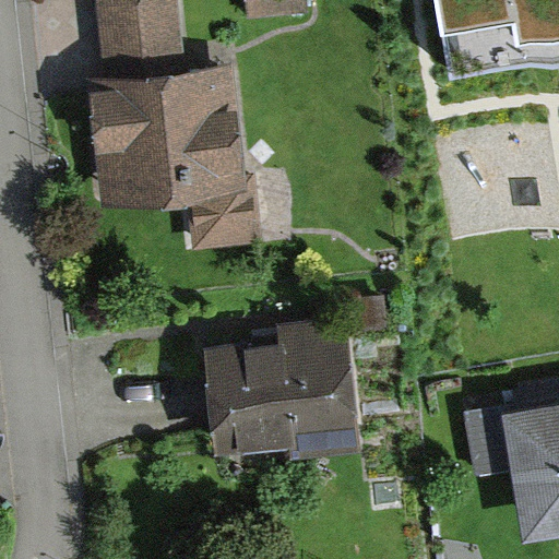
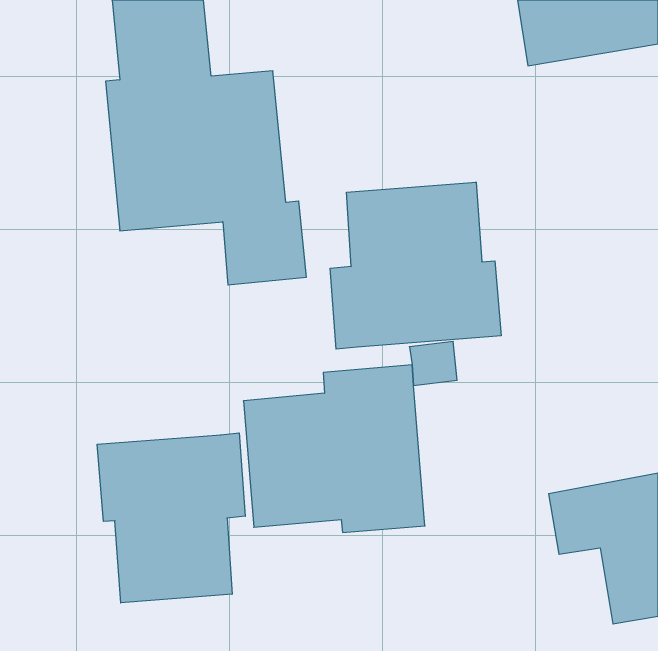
building: none -> [330,182,501,349]
building: none -> [97,433,245,603]

